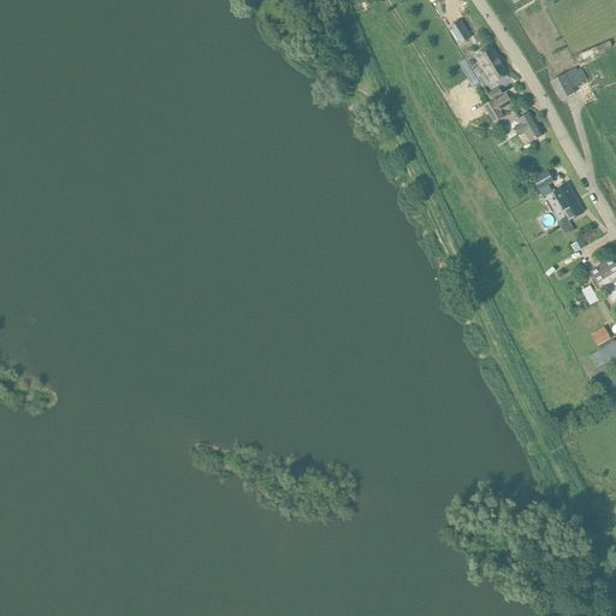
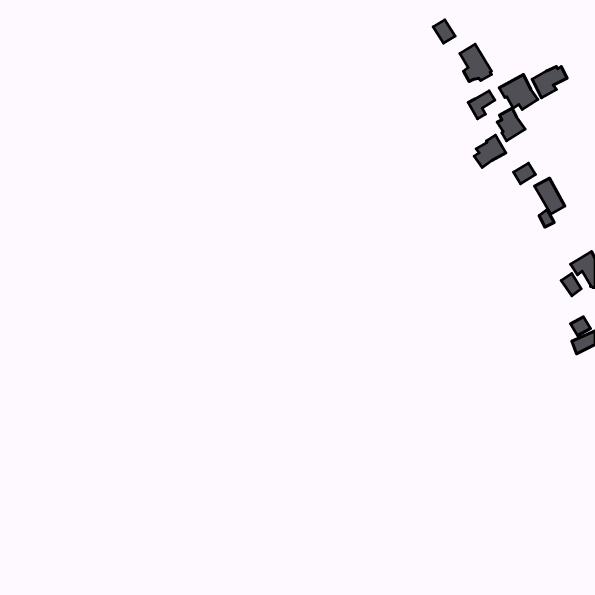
building: none -> [499,74,538,109]
building: none -> [474,135,506,167]

